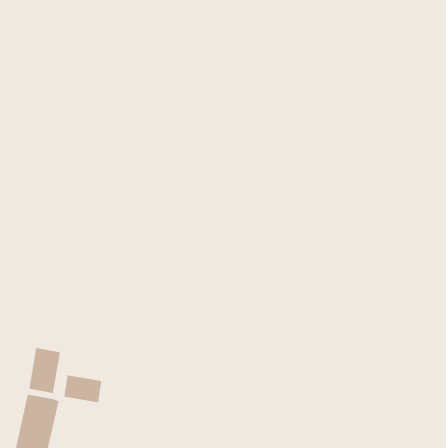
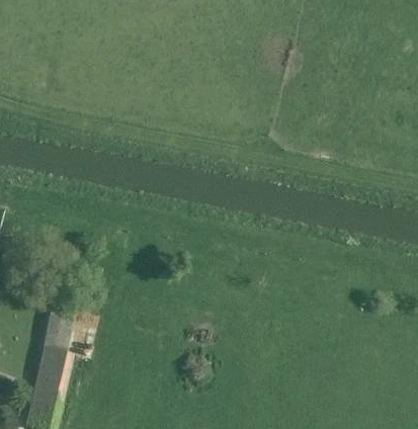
building: [63,374,102,403] -> none

